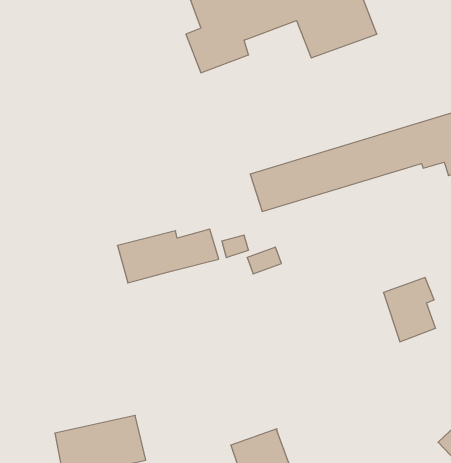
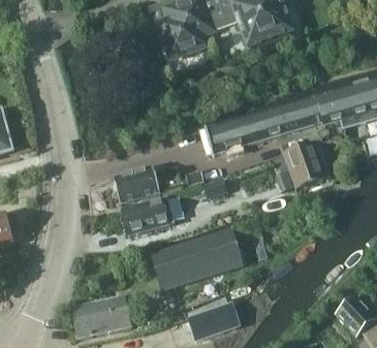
building: none -> [122,196,174,233]
building: [383,278,436,342] -> [286,140,322,185]
building: none -> [151,229,241,287]

